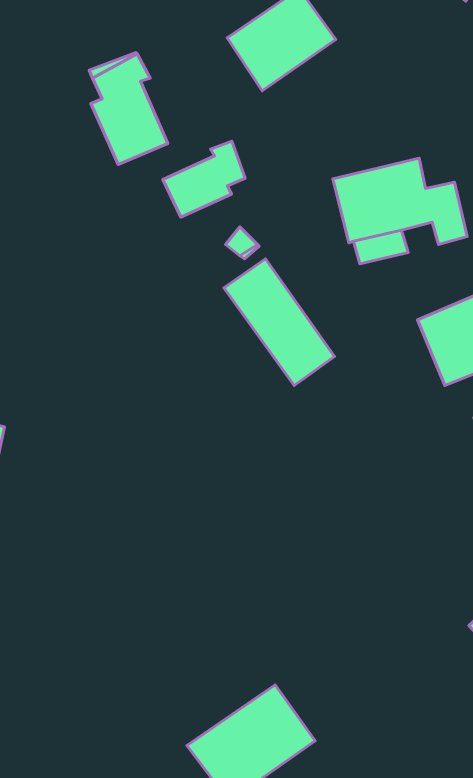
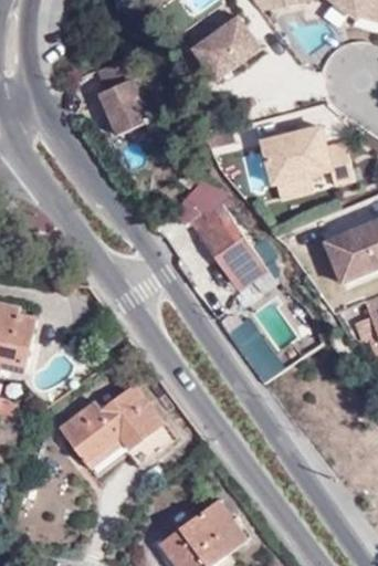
building: [163,141,245,217] -> none
building: none -> [61,376,178,465]

